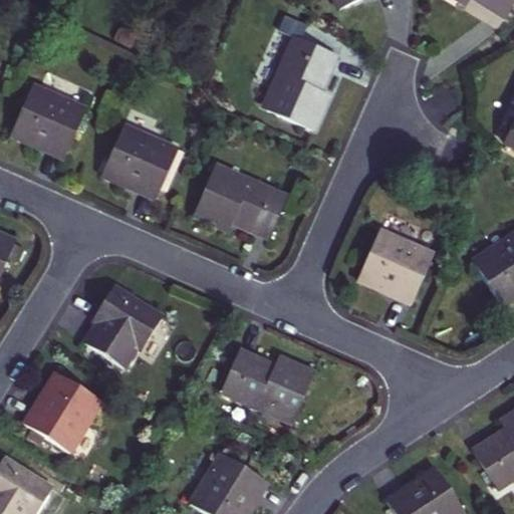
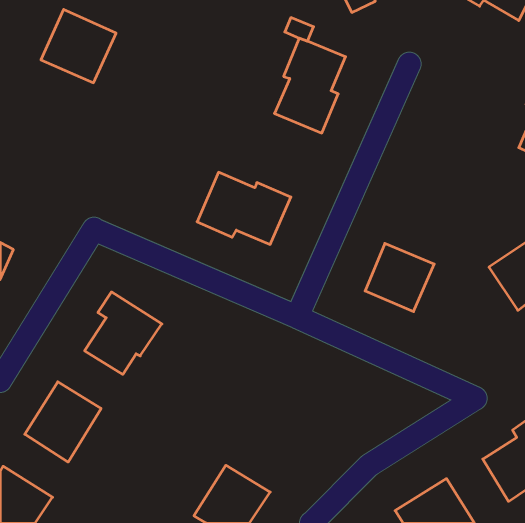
building: [11,86,84,158] -> [41,9,116,83]
building: [103,125,178,197] -> none
building: [217,345,310,415] -> none

